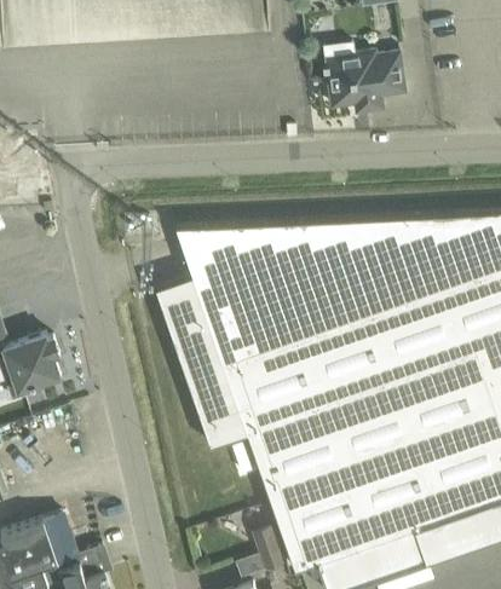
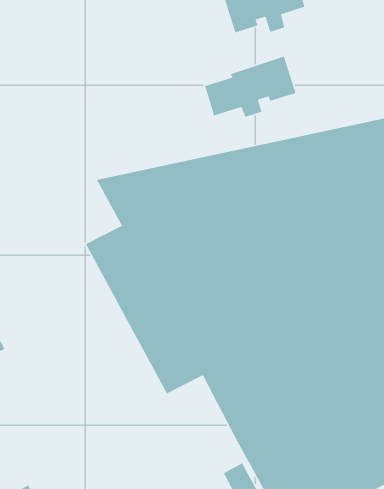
building: none -> [204,55,297,118]

